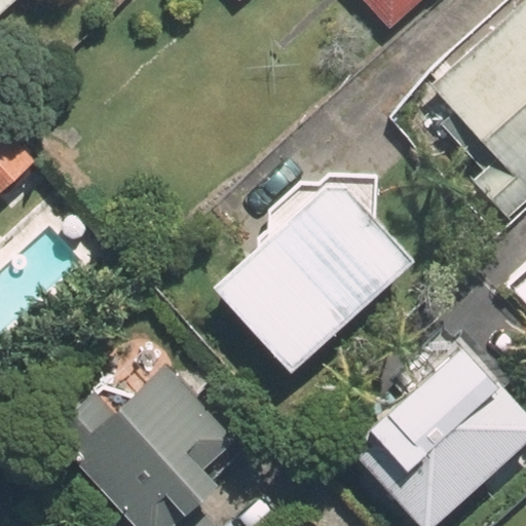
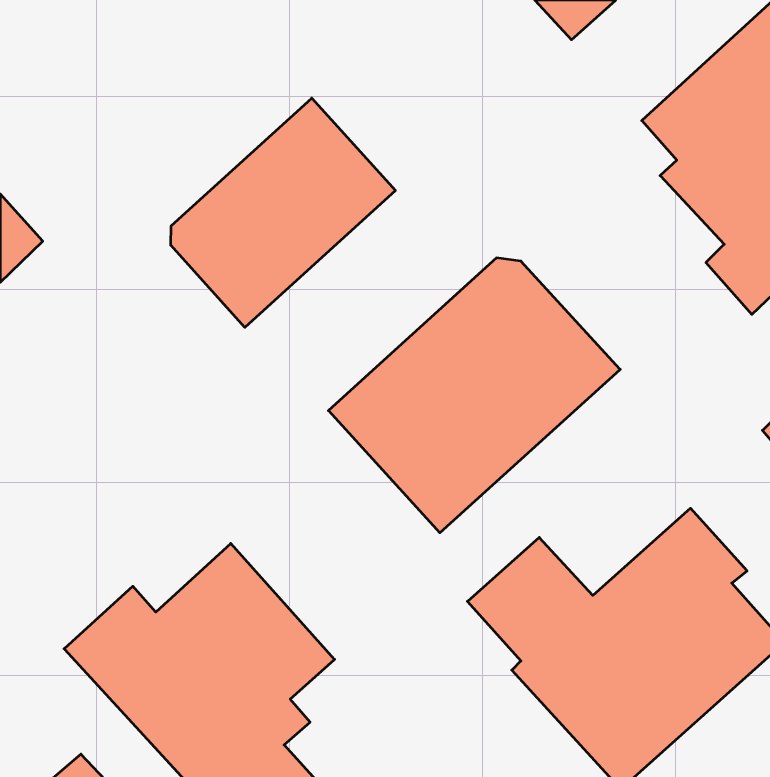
building: none -> [171,98,395,327]

